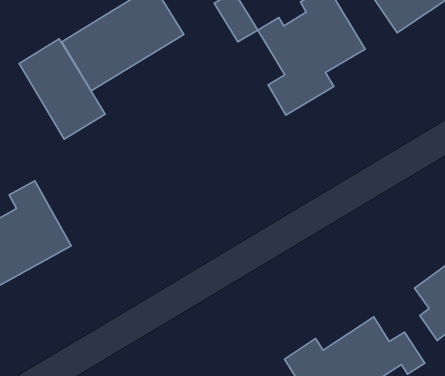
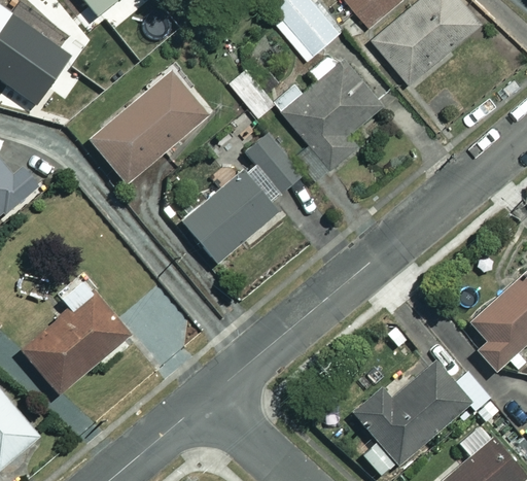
building: [19,39,105,139] -> none
building: none -> [179,130,302,263]

